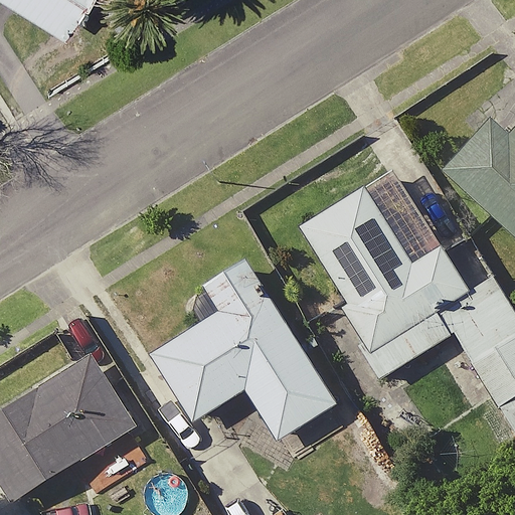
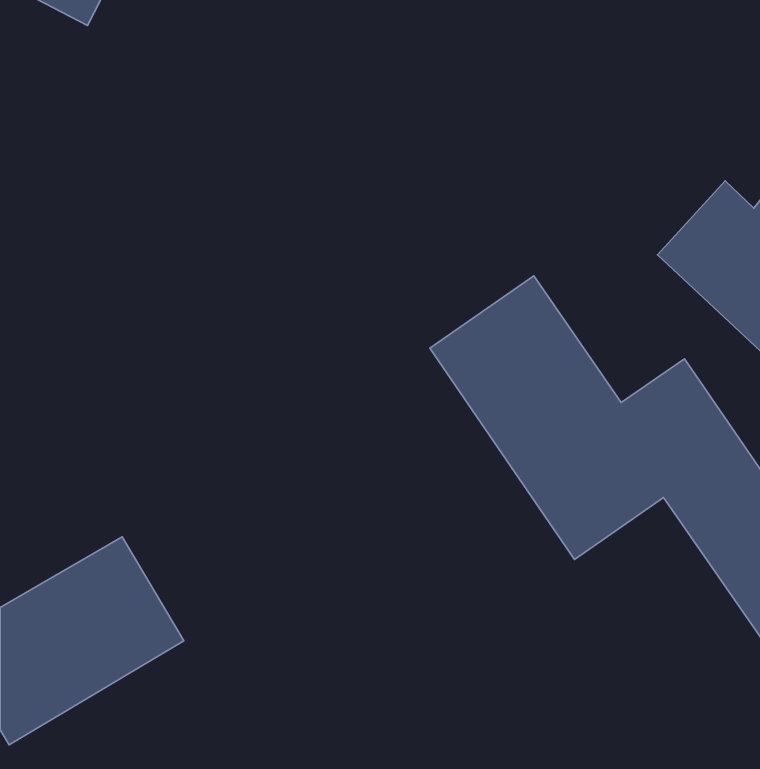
building: [152,255,335,440] -> none

